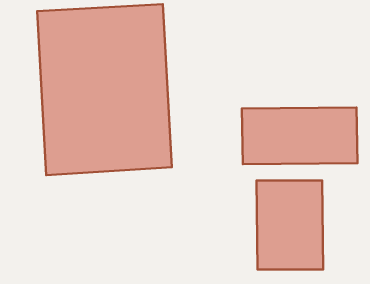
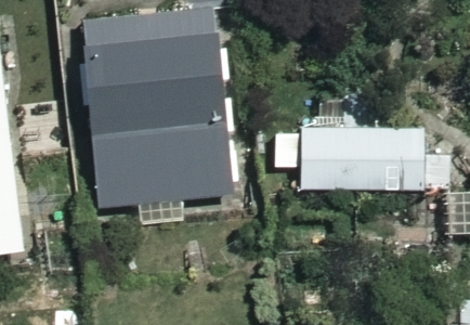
building: [257,180,323,270] -> none

